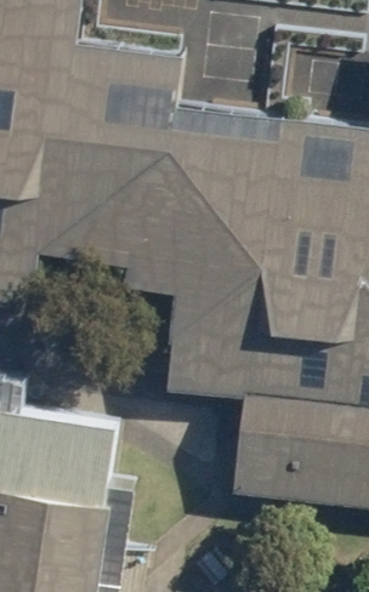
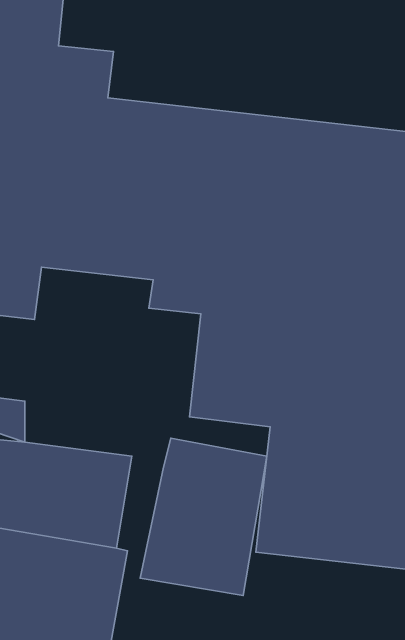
building: none -> [140,438,267,595]

